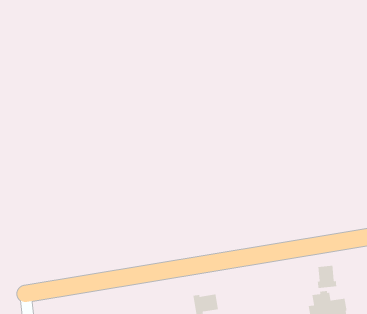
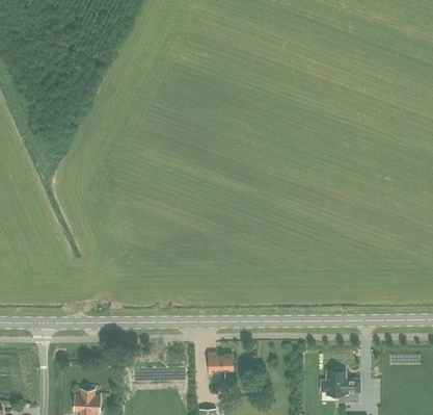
building: [317,265,337,289] -> none

